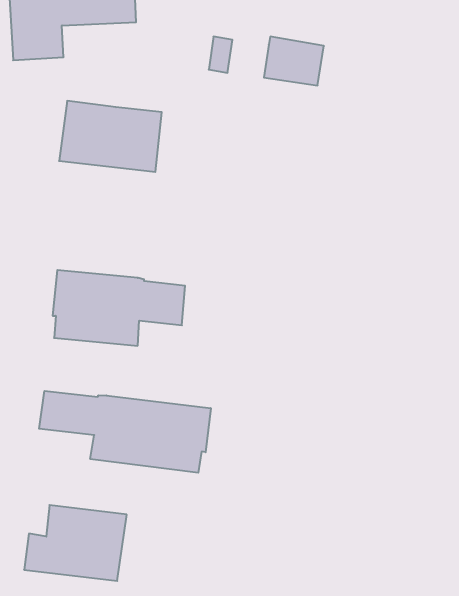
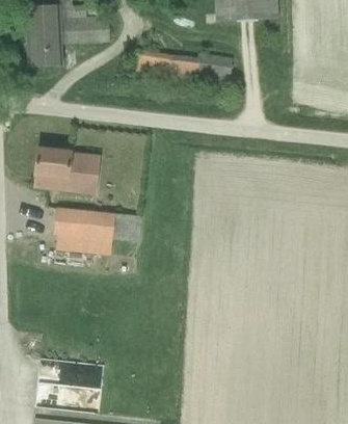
building: [59,101,162,172] -> [31,147,99,193]
building: [39,391,211,473] -> none

